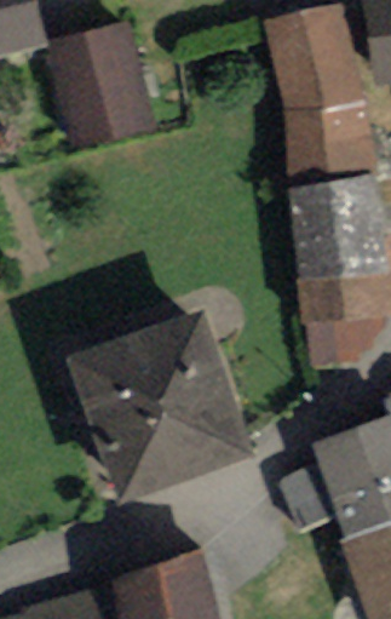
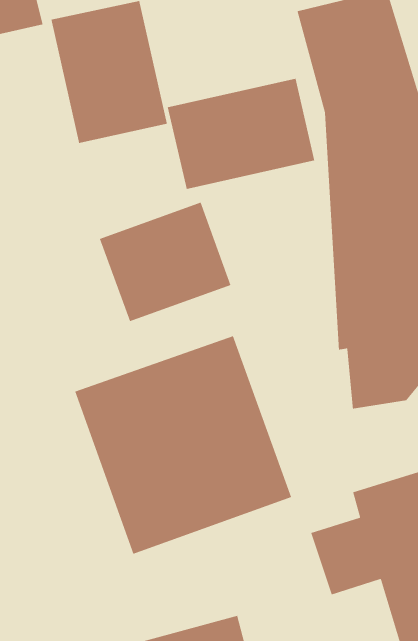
building: none -> [167,78,315,190]
building: none -> [99,202,232,322]

